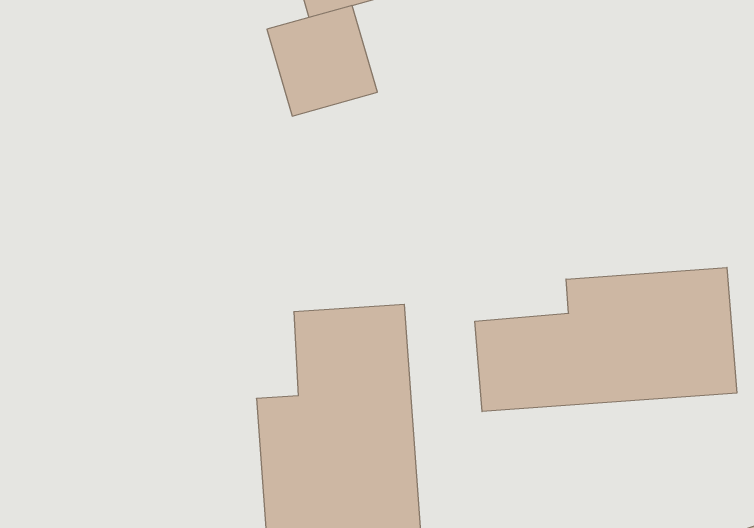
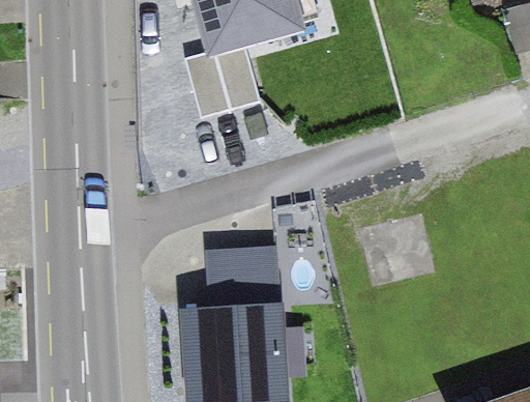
building: [475,267,737,412] -> none

